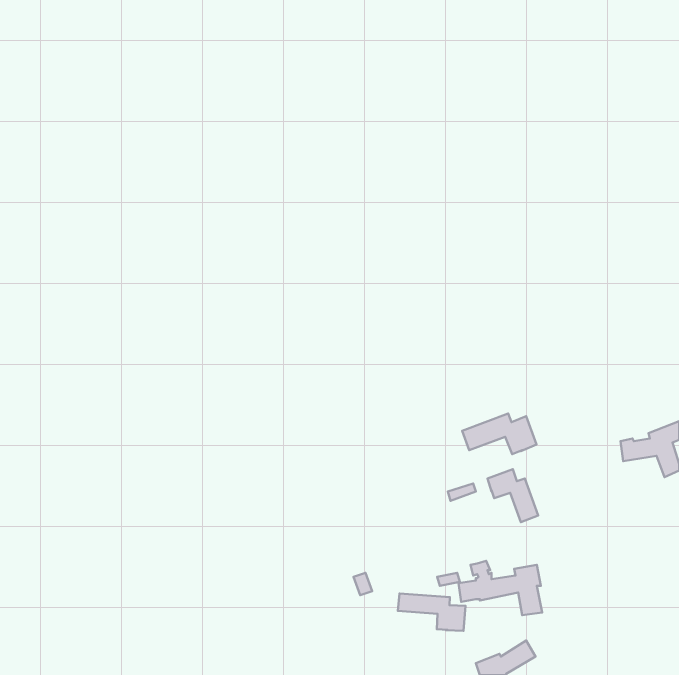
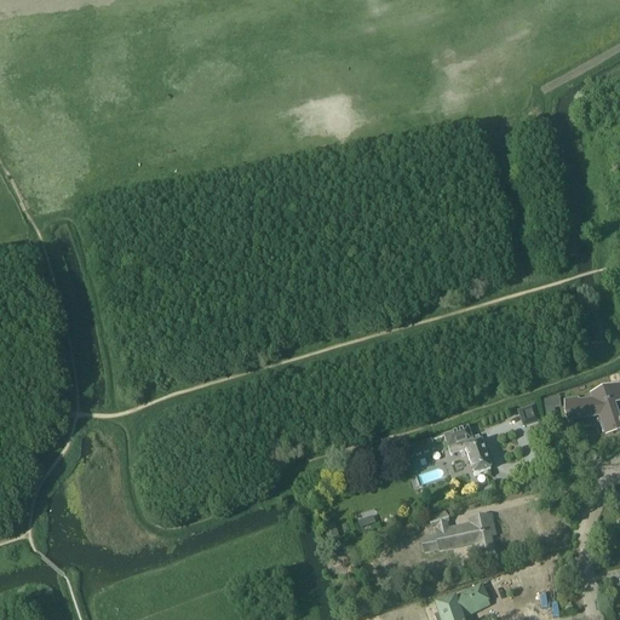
building: [462,413,537,454] -> none
building: [398,594,466,631] -> none

